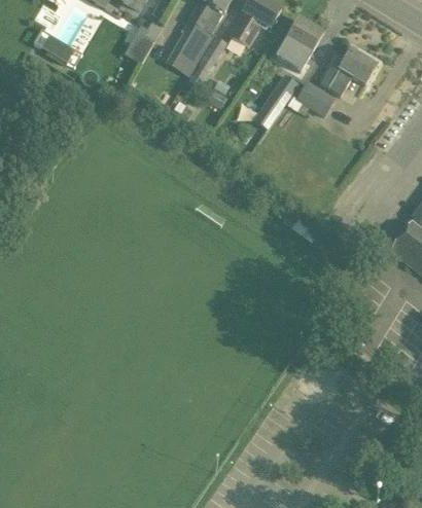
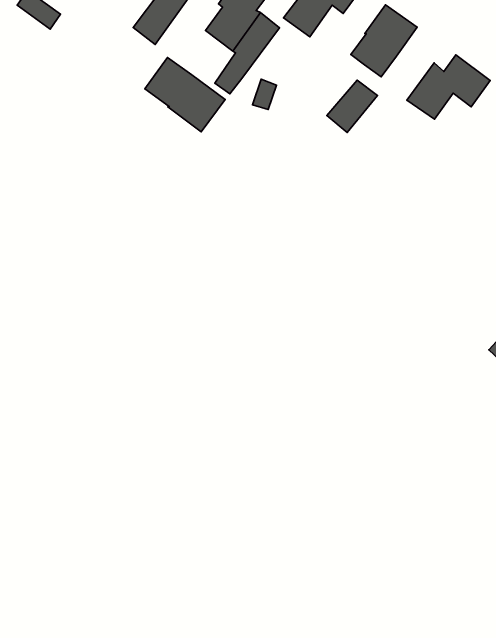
building: none -> [145,57,225,132]
building: [294,79,335,116] -> none

